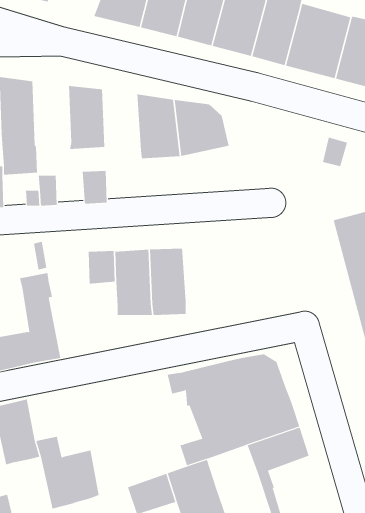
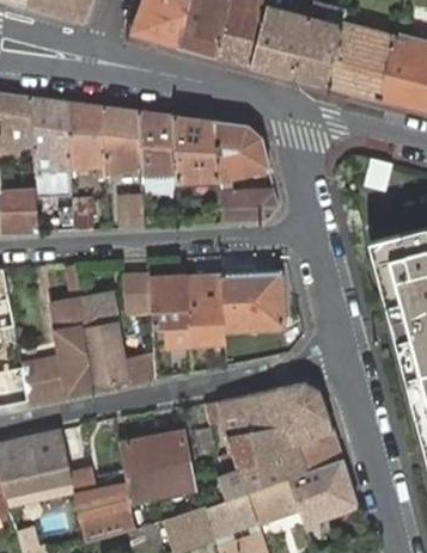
building: none -> [67,102,105,167]
building: none -> [139,110,178,184]
building: none -> [220,190,279,222]
building: none -> [221,270,283,328]
building: none -> [83,294,155,387]
building: none -> [118,431,195,499]
building: none -> [246,477,298,520]

